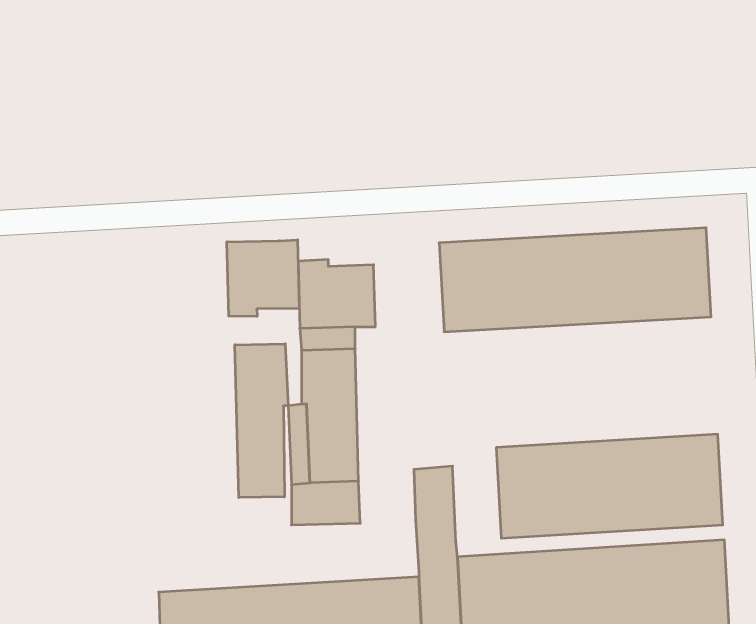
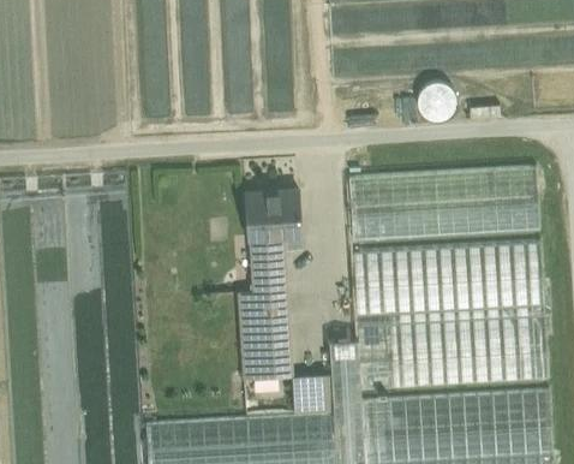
building: [227,240,299,316] -> none
building: none -> [349,239,543,315]
building: [235,344,288,498] -> none
building: none -> [353,323,389,391]
building: none -> [288,375,330,415]

